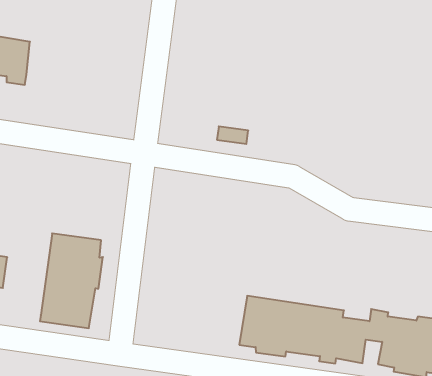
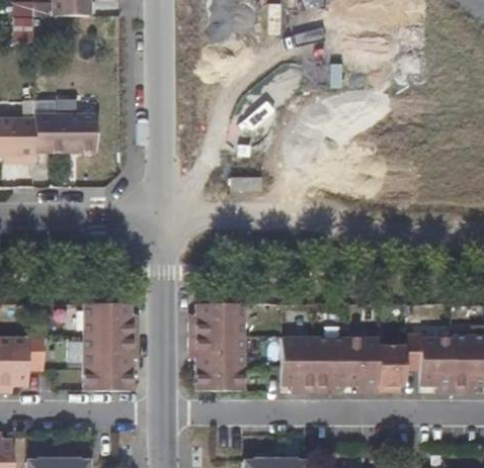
building: none -> [36,116,95,154]
building: none -> [188,303,245,390]

